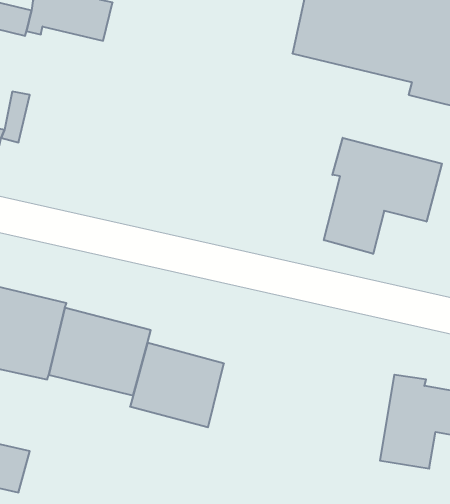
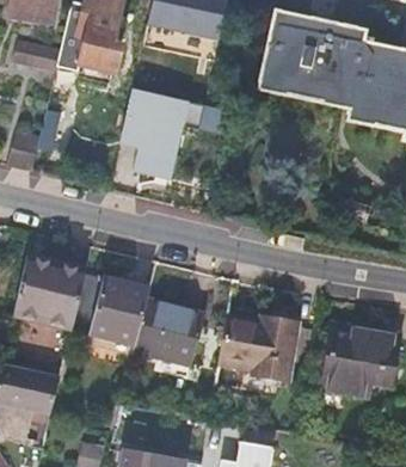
building: none -> [121,90,205,180]
building: [324,138,442,254] -> none
building: none -> [215,315,297,391]

